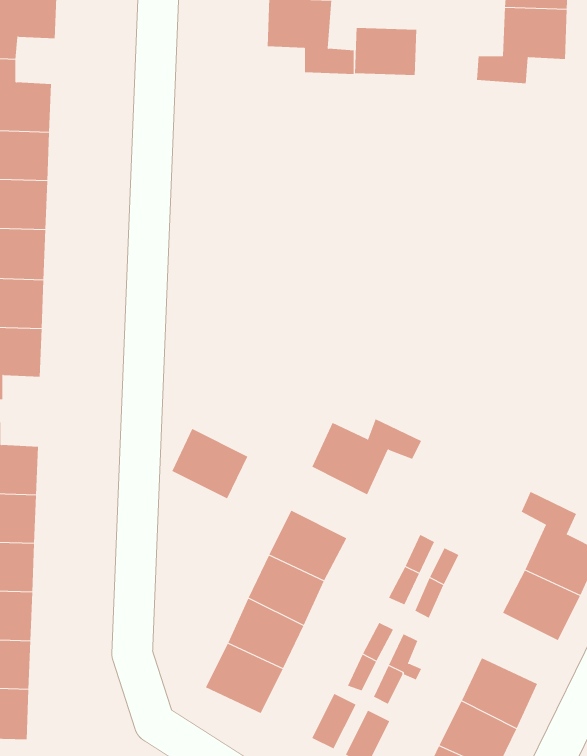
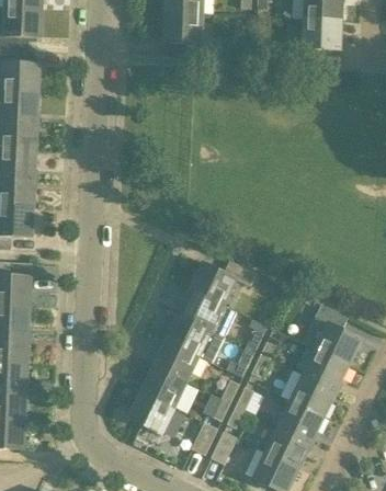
building: [355,27,417,76] -> none
building: [171,428,248,499] -> [179,288,224,330]
building: none -> [291,374,336,415]

